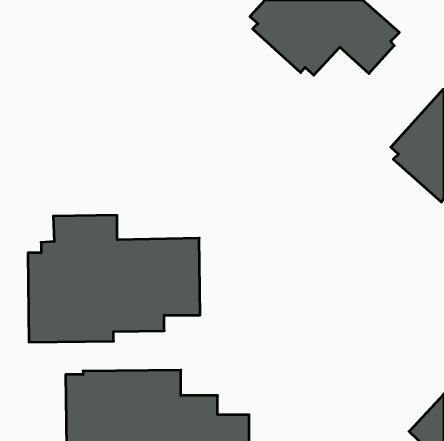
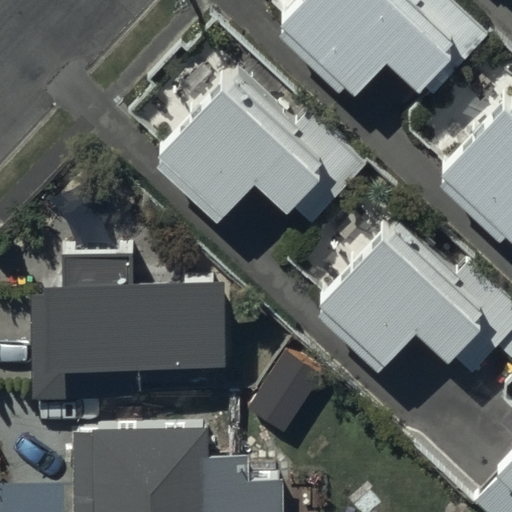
building: none -> [153,78,324,216]
building: none -> [314,227,485,365]

